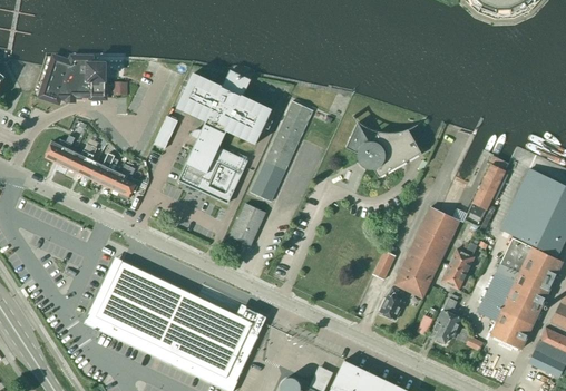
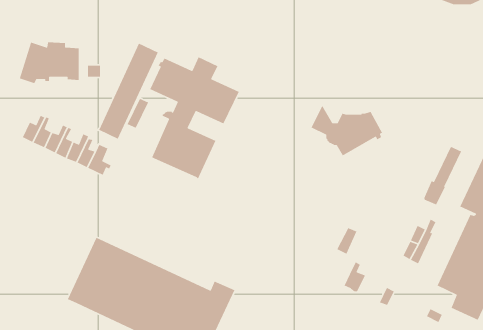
building: [250,100,313,202] -> [98,43,159,140]
building: [231,203,265,245] -> none
building: [393,206,459,297] -> none
building: [431,297,460,343] -> none

